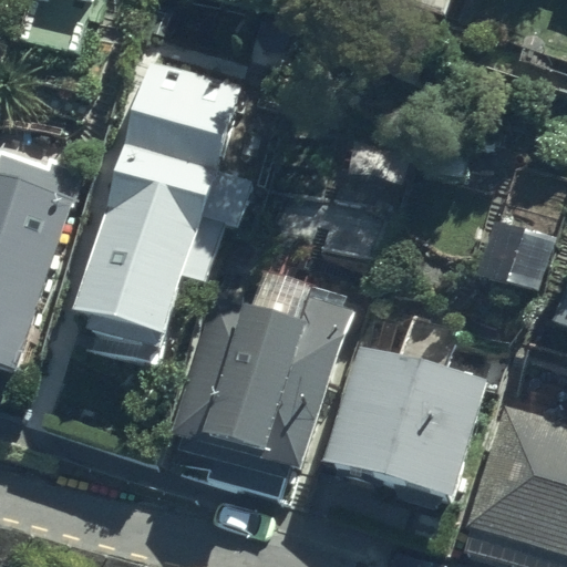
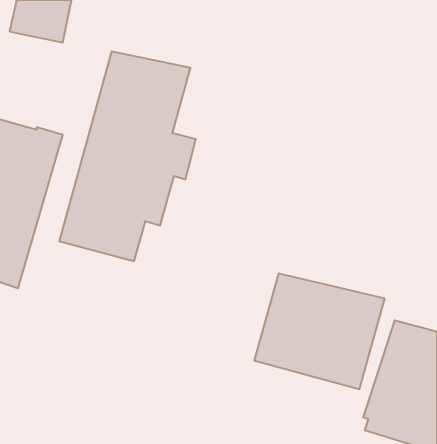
building: [167,266,351,475] -> none

